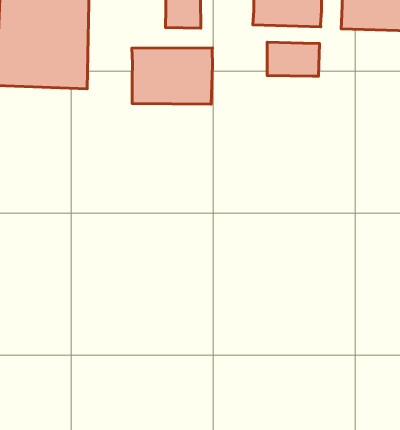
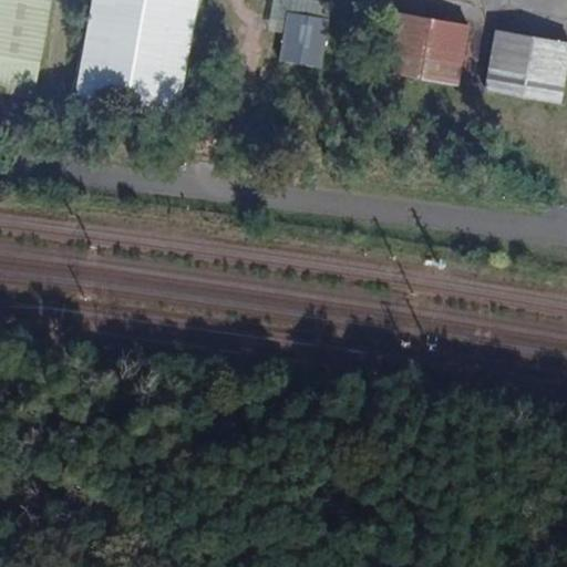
building: [267,42,319,76] -> none
building: [132,48,213,104] -> none

